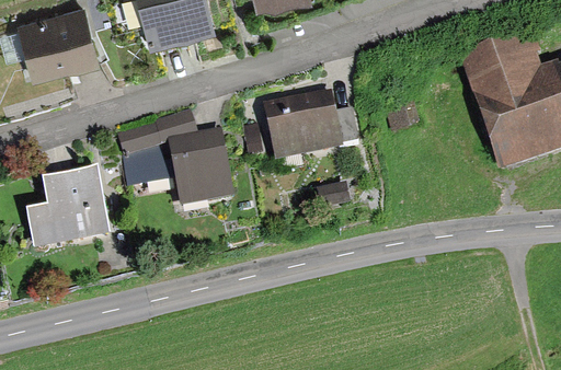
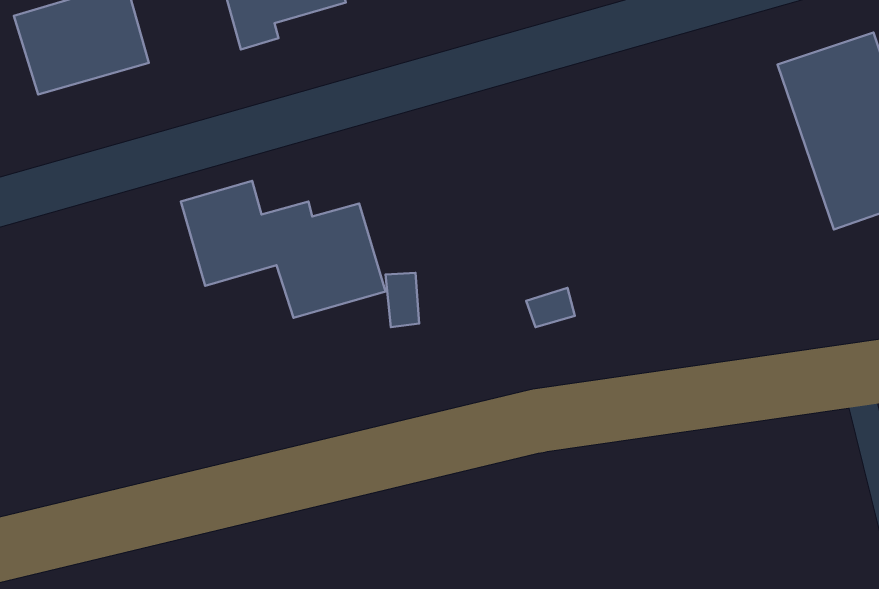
building: [262,91,362,153] -> none
building: [28,167,111,247] -> none

